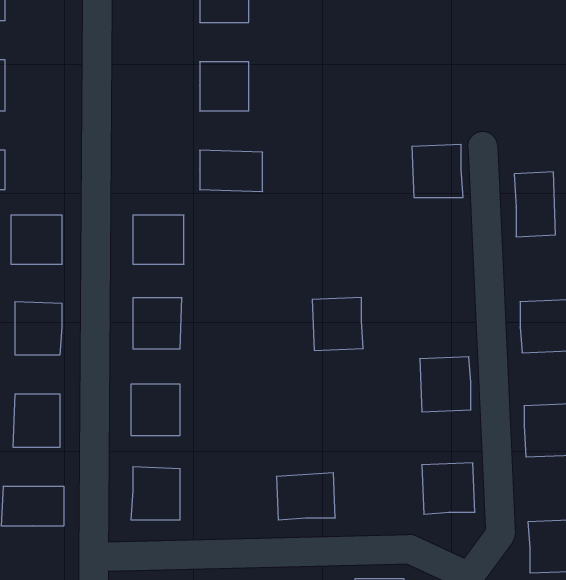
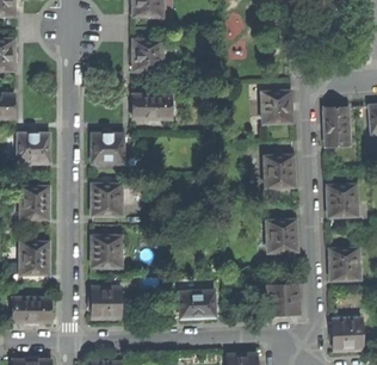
building: [312,297,363,350] -> [264,155,295,187]

